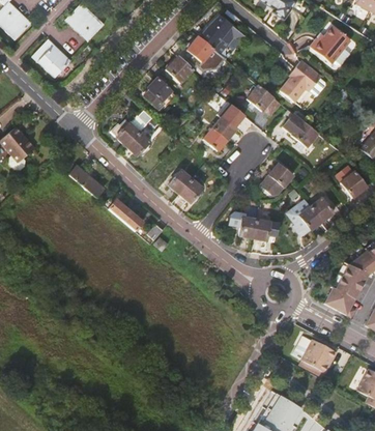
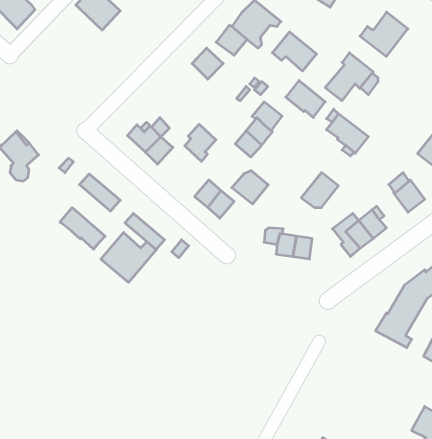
building: [33,39,71,79] -> none
building: none -> [272,32,317,71]
building: [145,79,172,111] -> [185,124,216,161]
building: none -> [232,171,268,204]
building: none -> [60,208,105,249]
building: none -> [101,232,156,282]
building: [301,337,336,374] -> none

